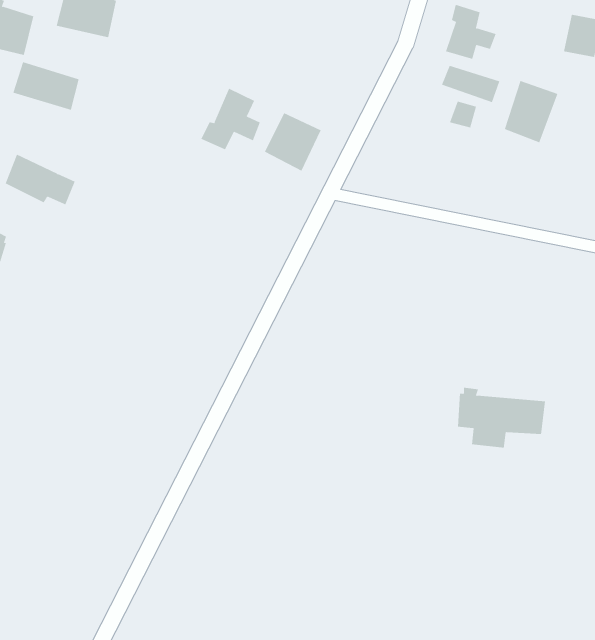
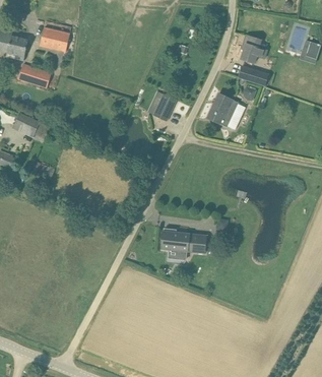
building: [504,80,558,143] -> none
building: [201,88,260,150] -> none
building: none -> [206,92,245,129]
building: [457,387,546,448] -> [160,228,206,259]

